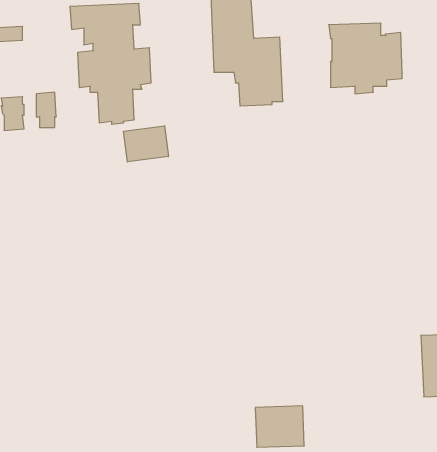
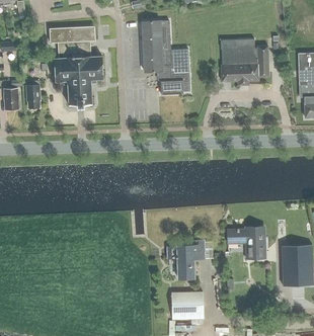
building: [124,126,168,162] -> none
building: none -> [227,226,264,257]
building: none -> [167,239,204,277]

